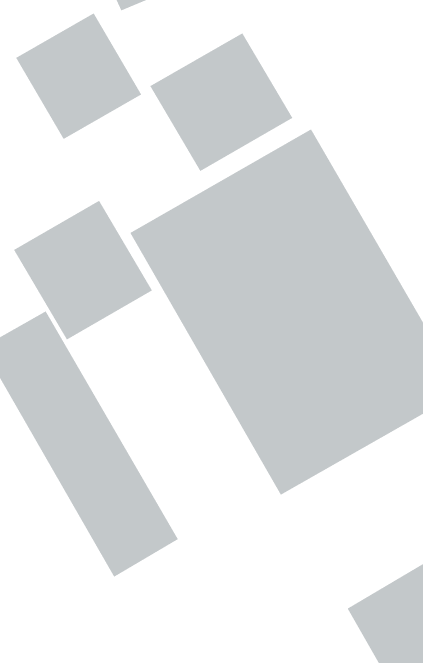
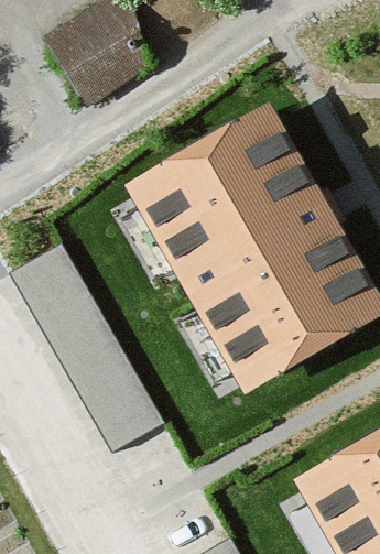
building: [150,32,293,172] -> none
building: [13,200,153,340] -> none

